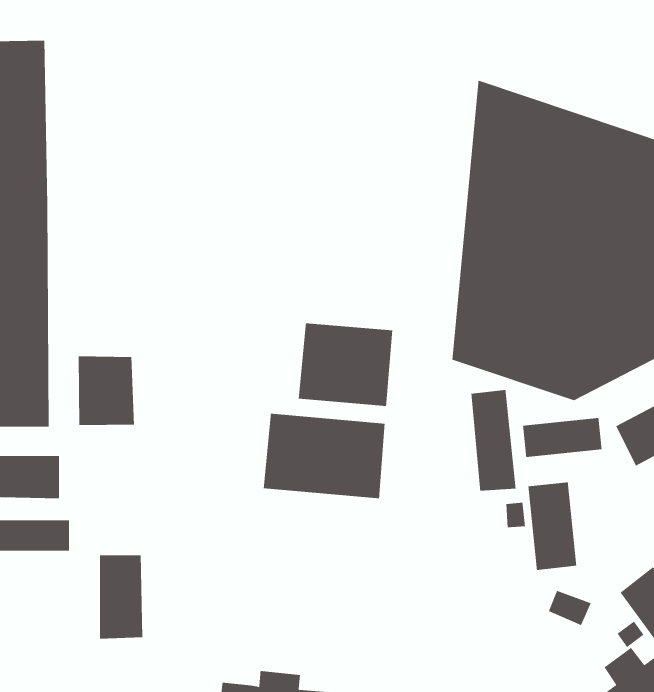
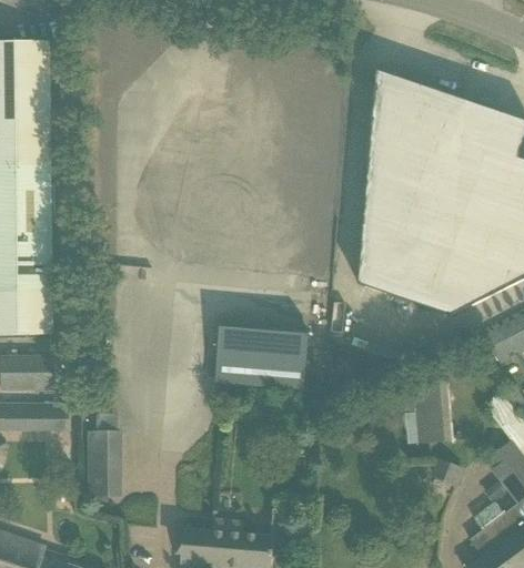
building: [298,322,393,407] -> none
building: [78,356,135,426] -> none
building: [471,389,517,491] -> none
building: [522,417,602,458] -> none

